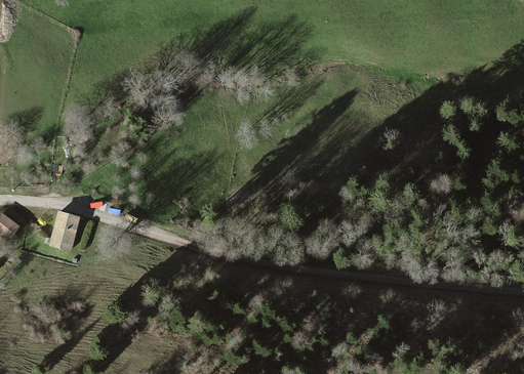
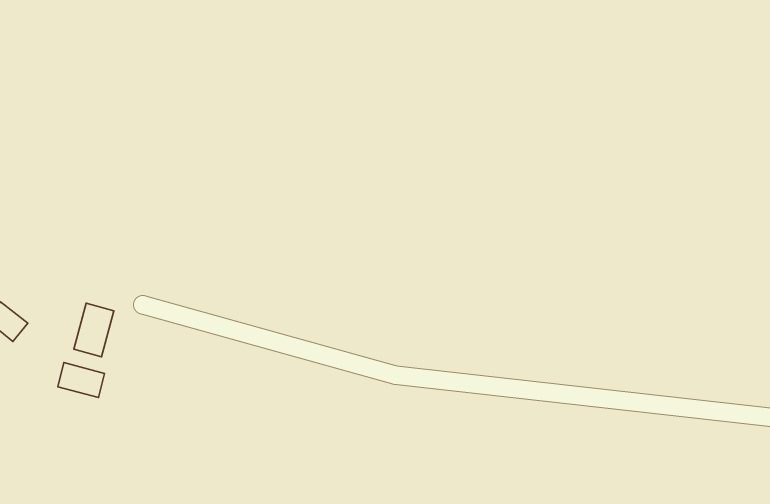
building: none -> [58,363,105,398]

